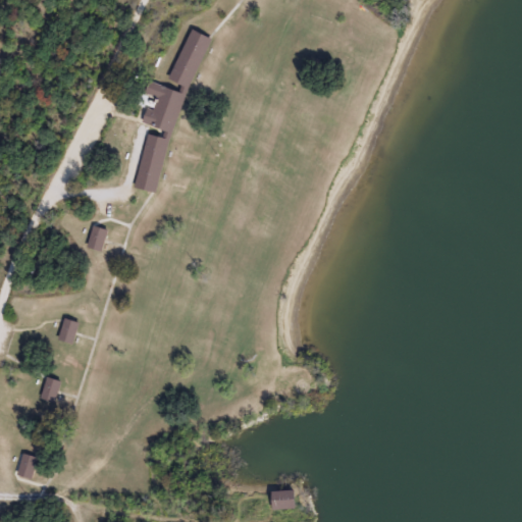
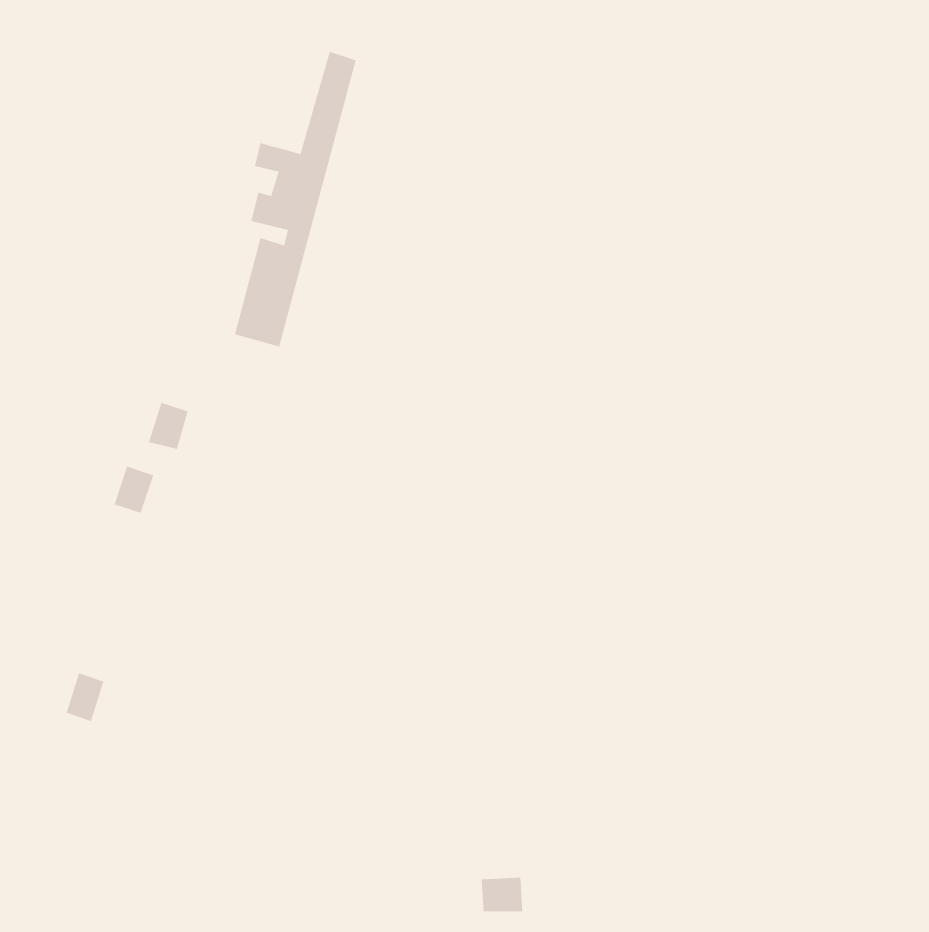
building: [57,318,80,345] -> [114,466,154,514]
building: [15,454,39,480] -> none

